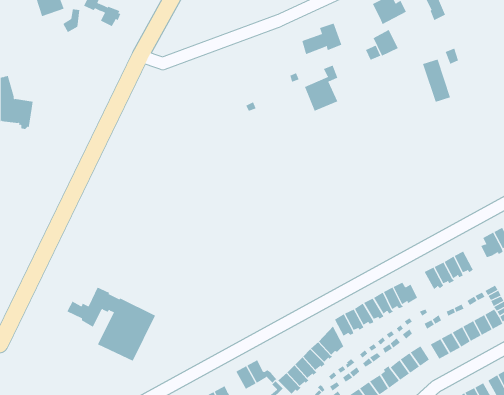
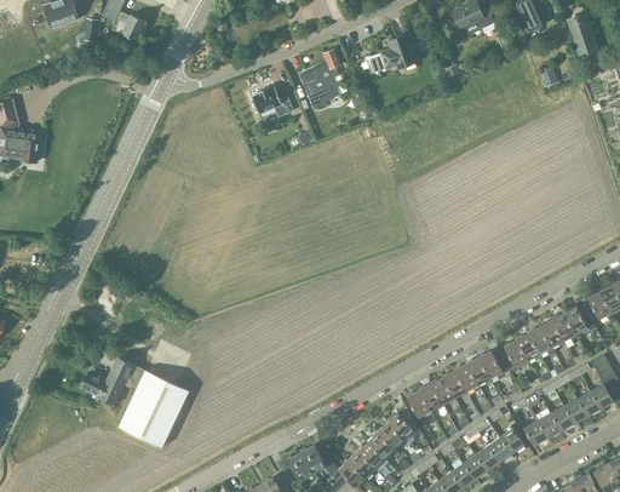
building: [373,29,398,57] -> none
building: [422,59,451,103] -> [567,13,602,67]
building: [304,65,338,112] -> [300,48,341,105]
building: none -> [252,87,293,113]
building: none -> [564,305,597,333]
building: none -> [500,338,529,372]

